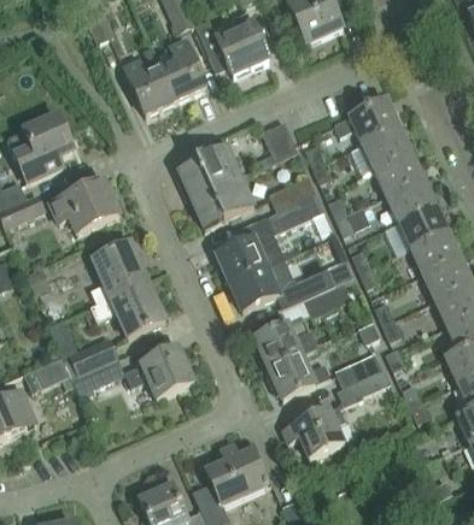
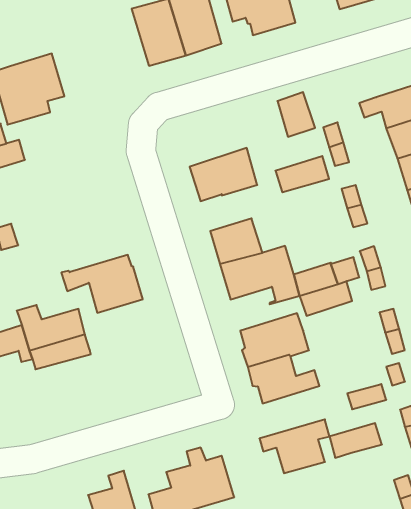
building: [179,146,240,197] -> none
building: [52,178,118,231] -> none
building: [264,193,324,234] -> none
building: [90,240,147,303] -> none
building: [124,346,194,397] -> none
building: [335,350,382,385] -> [330,423,382,458]

